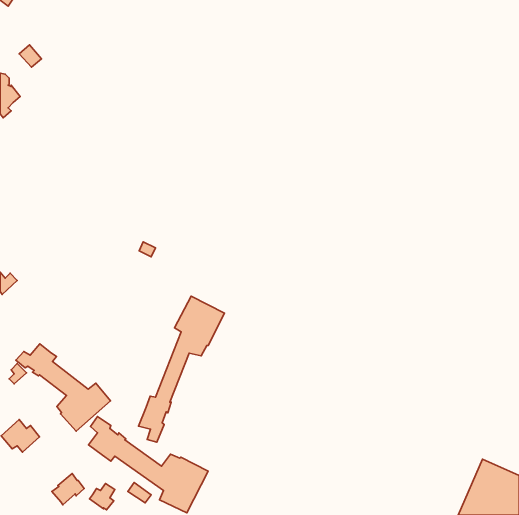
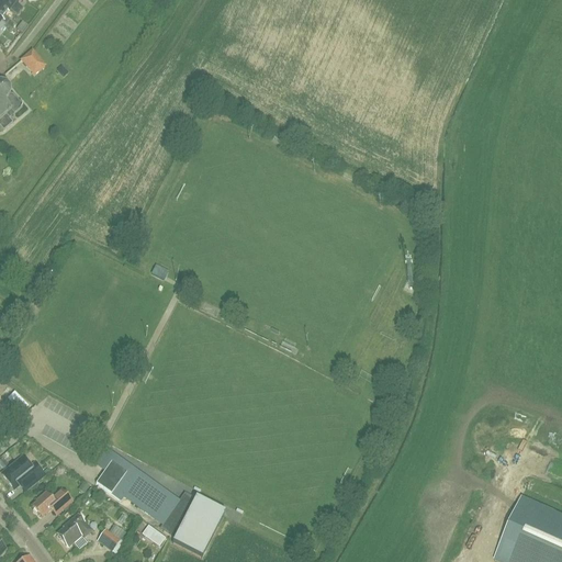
building: [139,296,225,442] -> none
building: [16,344,110,431] -> none
building: none -> [32,487,71,515]

